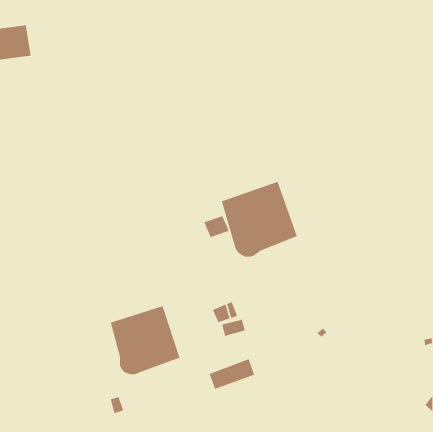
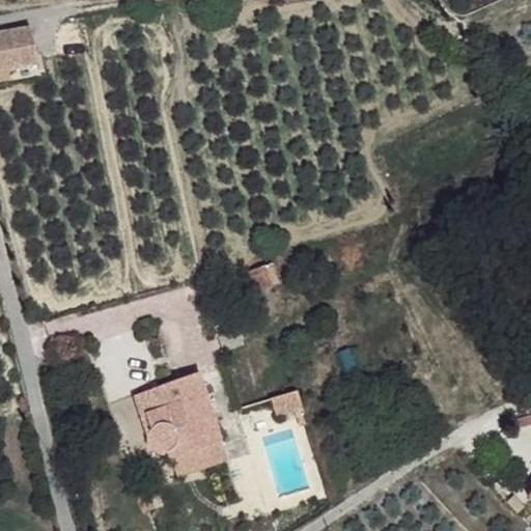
building: [221,181,298,258] -> none
building: [208,358,255,390] -> [170,437,227,475]

